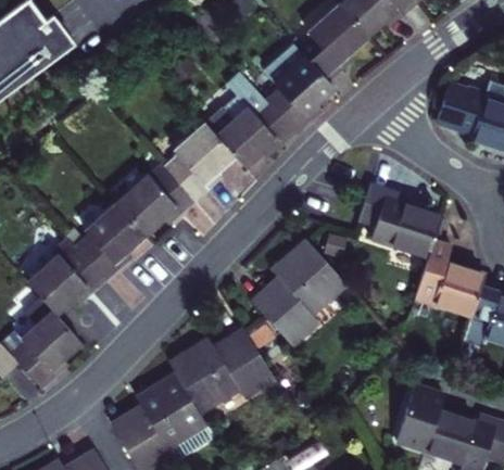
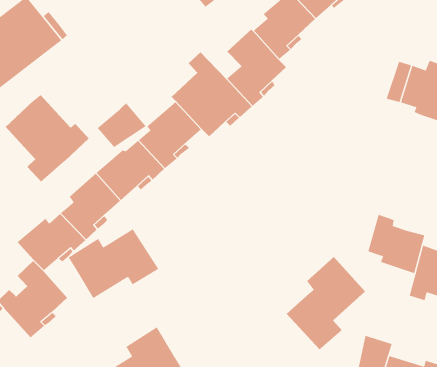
building: none -> [5,94,90,183]
building: none -> [97,103,147,148]
building: [360,185,442,255] -> none
building: [254,242,344,348] -> [286,256,366,350]
building: [172,332,275,411] -> [68,229,159,299]

